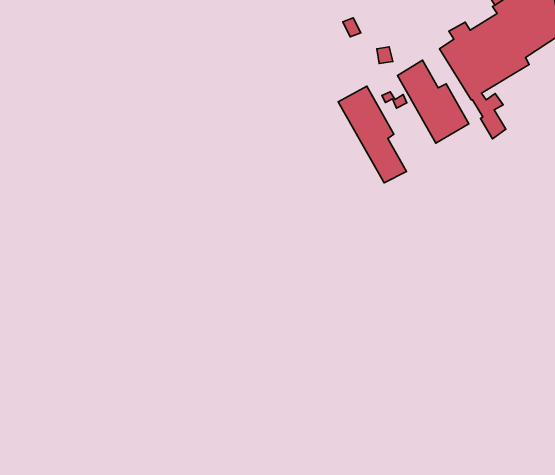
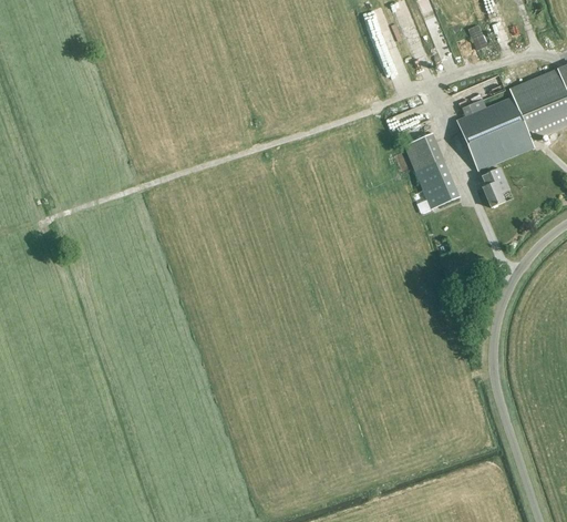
building: [338,86,406,183] -> none

